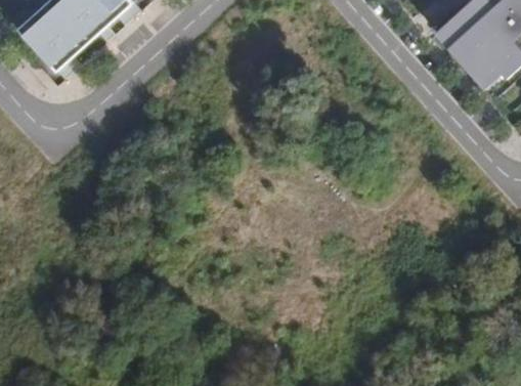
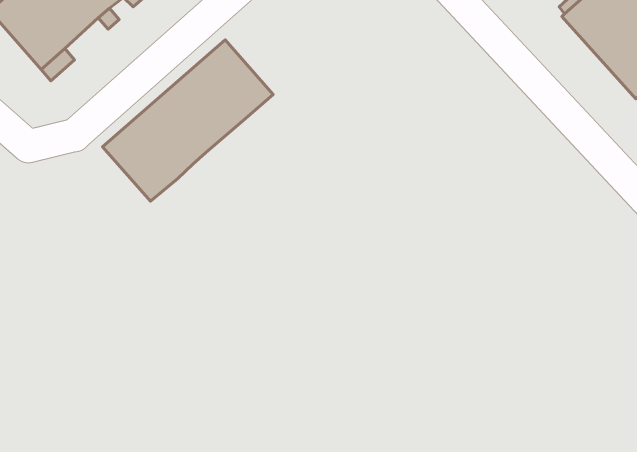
building: none -> [103,40,273,201]

